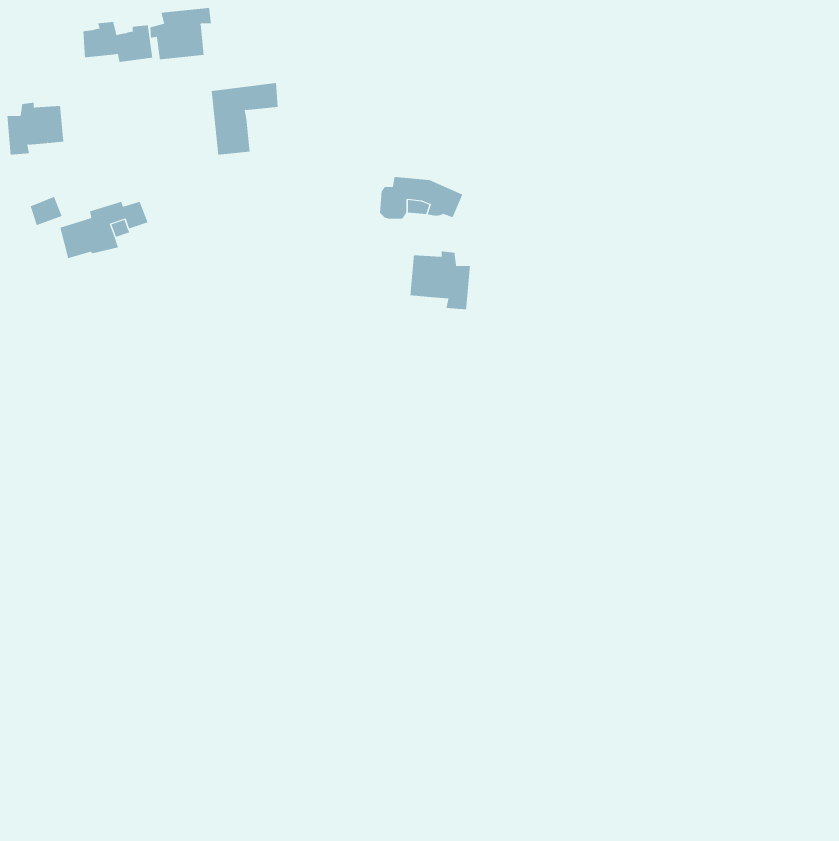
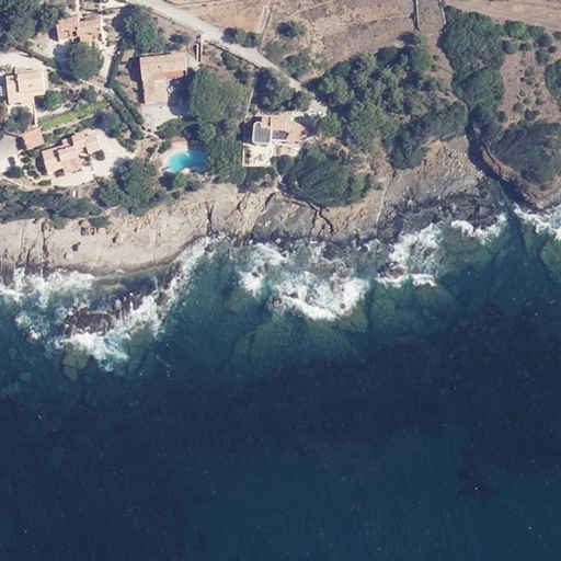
building: [150,7,211,60] -> none
building: [410,250,470,310] -> none

